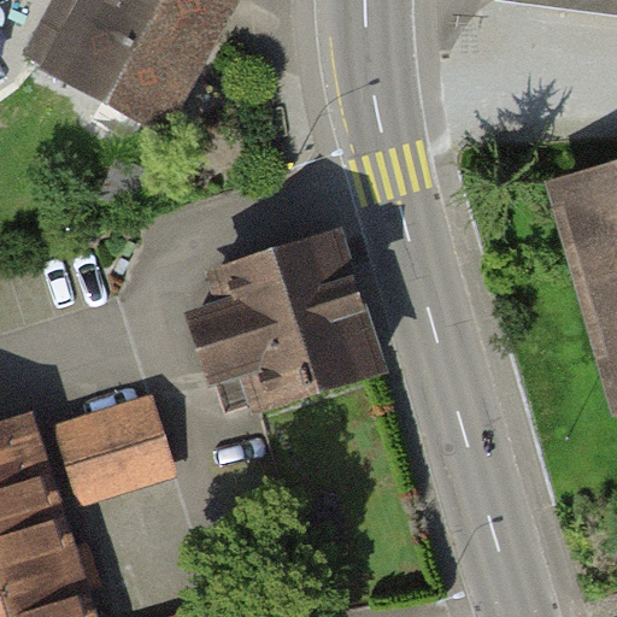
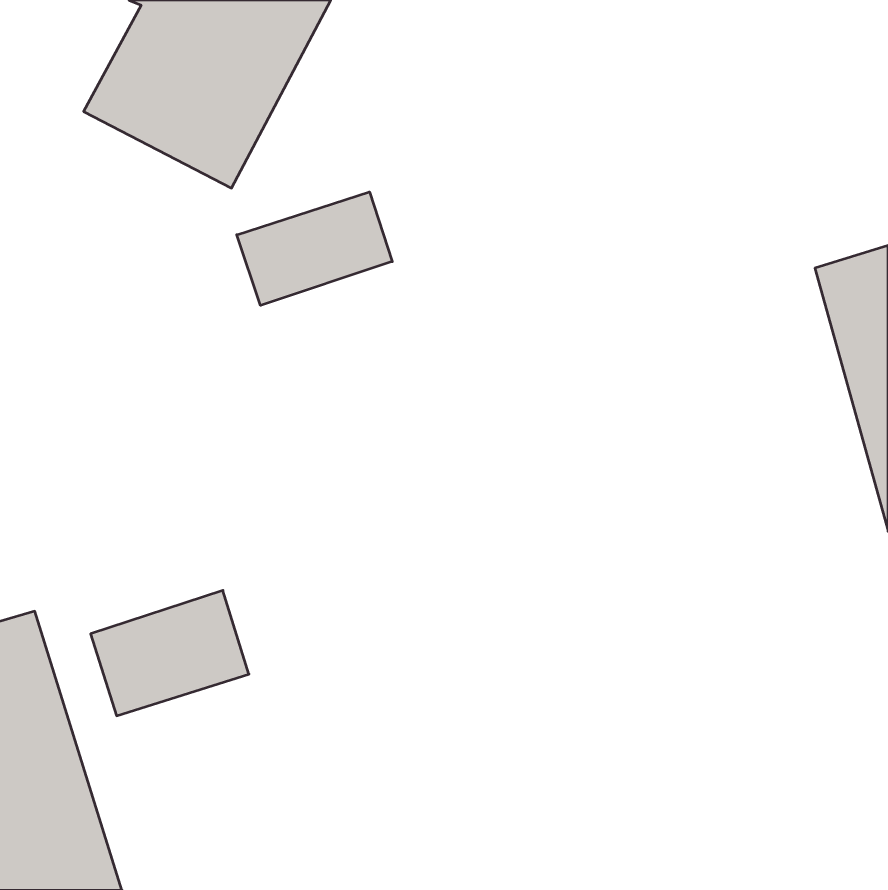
building: none -> [237,192,392,305]
building: [190,239,381,400] -> none

